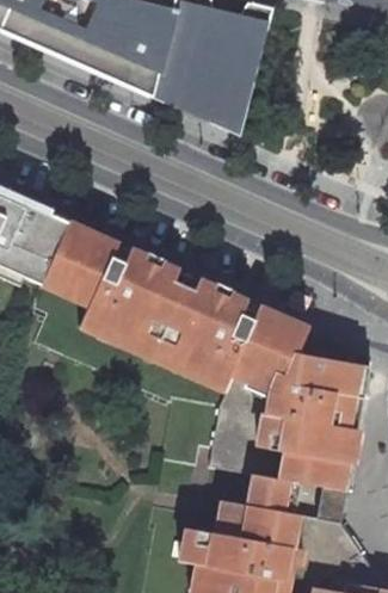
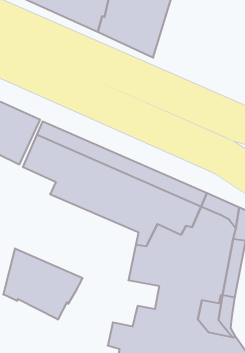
building: none -> [3,248,82,320]

